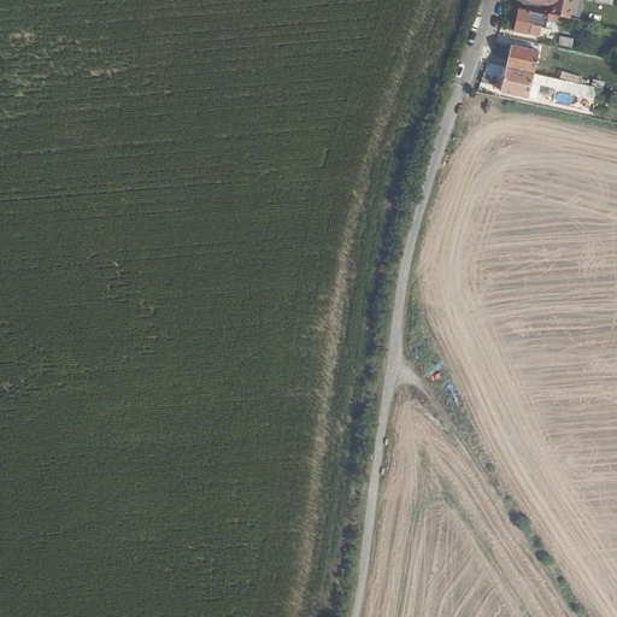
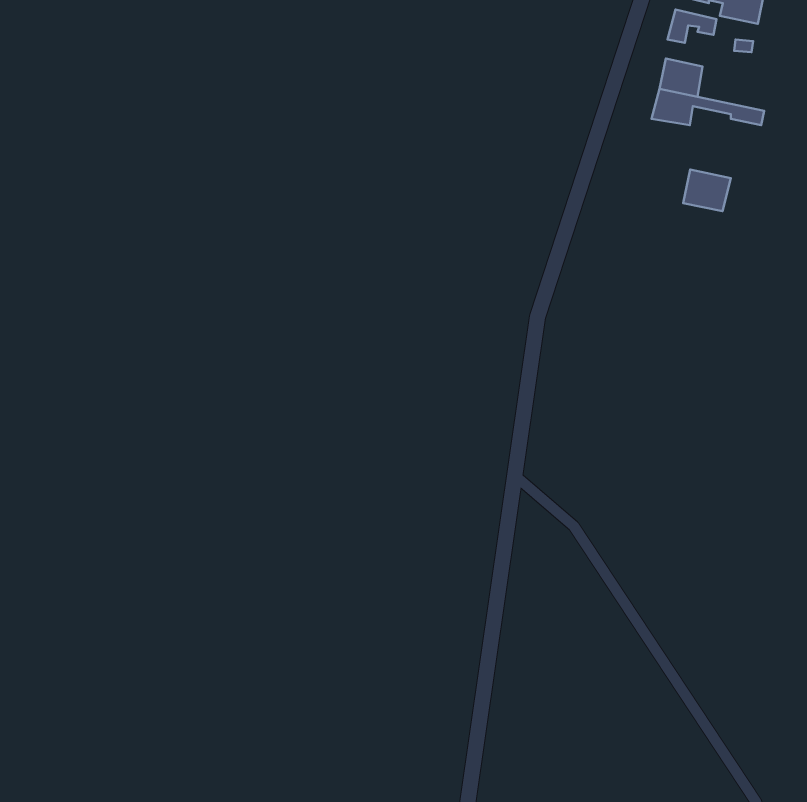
building: none -> [683,170,731,211]

